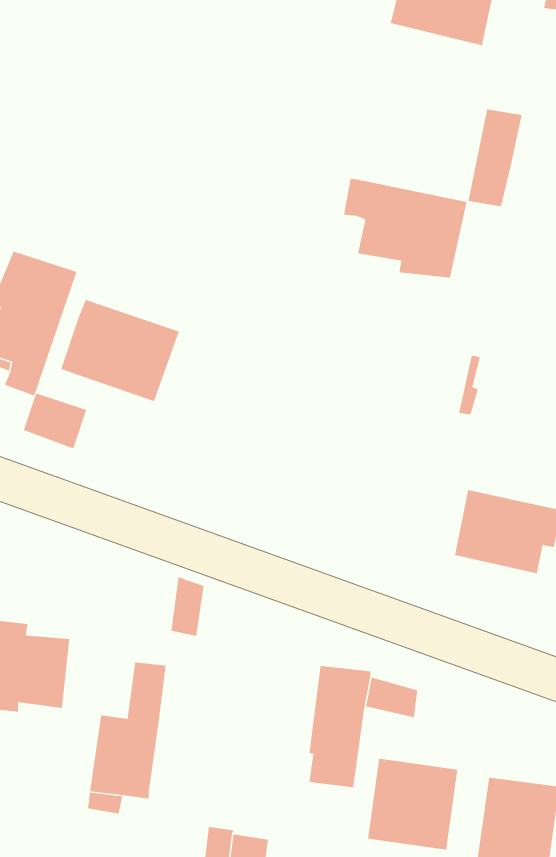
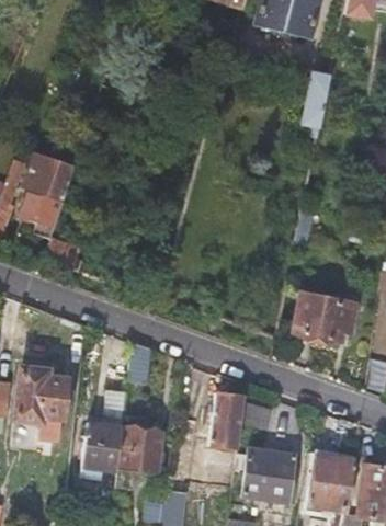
building: [343,178,468,278] -> none
building: [60,299,180,402] -> none
building: none -> [116,427,161,487]

